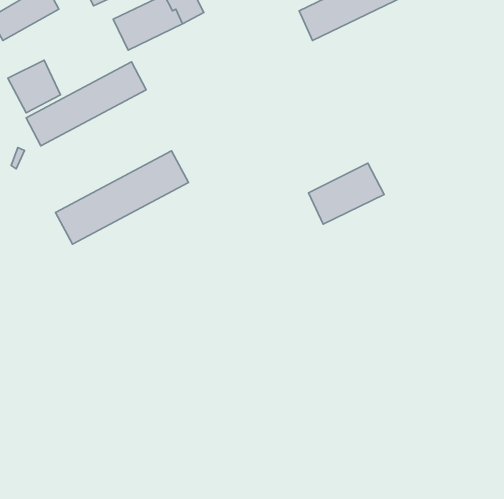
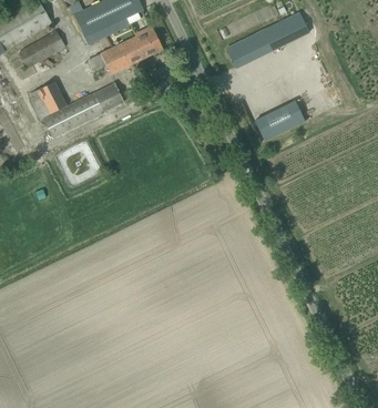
building: [55,151,188,244] -> none
building: [308,163,384,224] -> [254,100,305,141]

